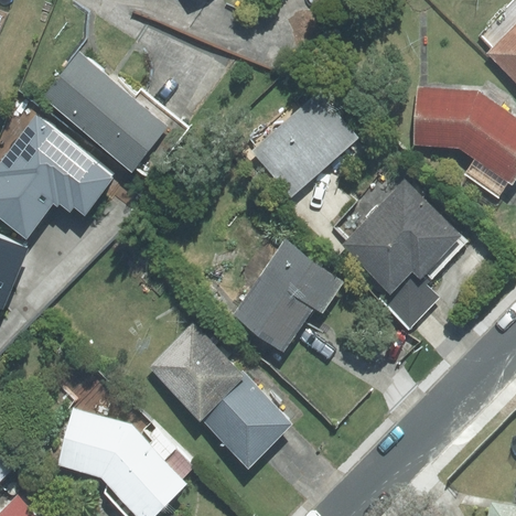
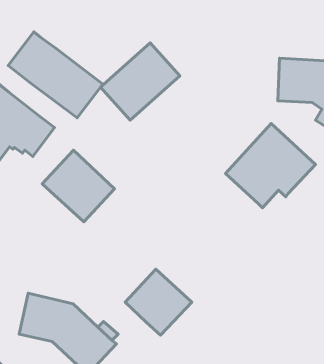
building: [251,90,361,196] -> [100,43,180,120]
building: [235,239,345,350] -> none
building: [376,268,438,330] -> none
building: [147,323,246,421] -> [42,150,114,222]

